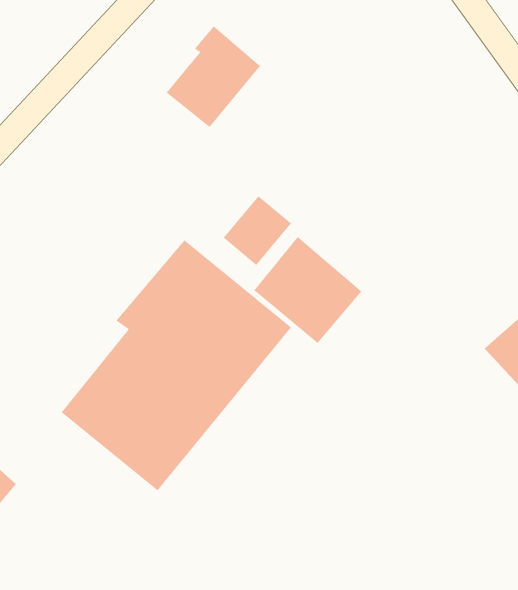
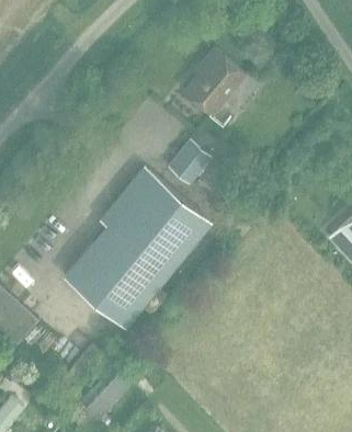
building: [166,26,261,128] -> [184,52,243,115]
building: [253,236,362,344] -> none

